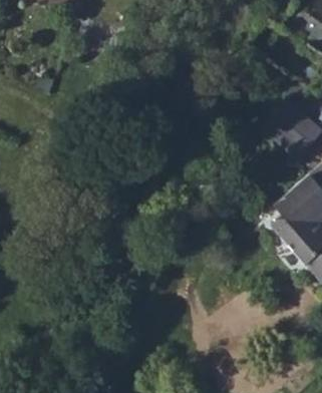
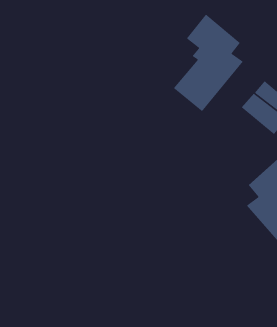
building: none -> [173,13,244,112]

